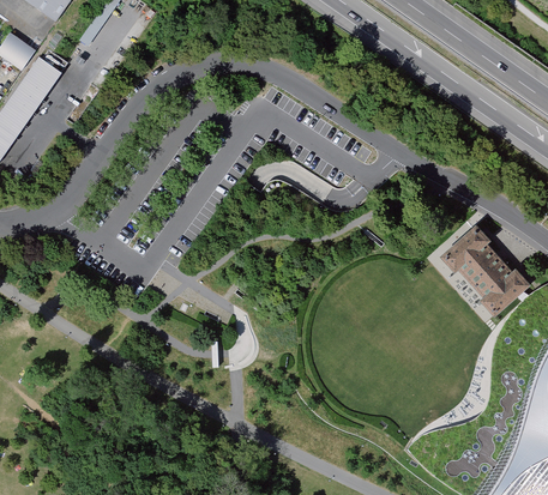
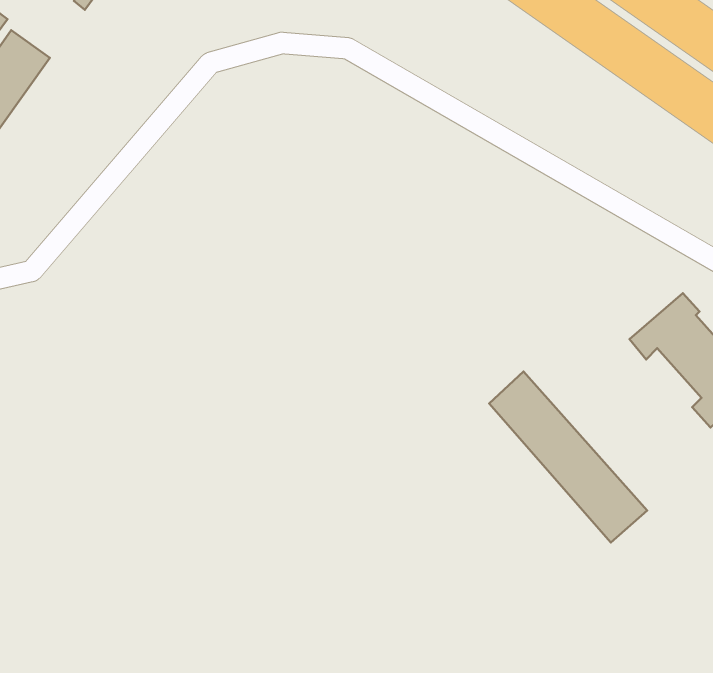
building: none -> [489,371,647,543]

